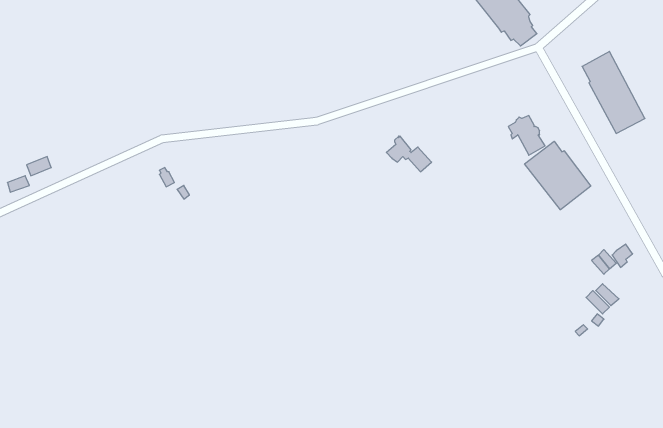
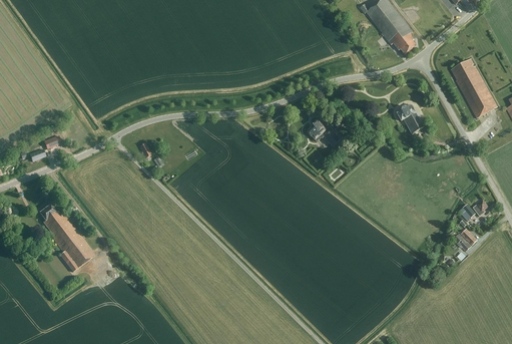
building: [525,141,591,210] -> none
building: none -> [39,204,94,271]

